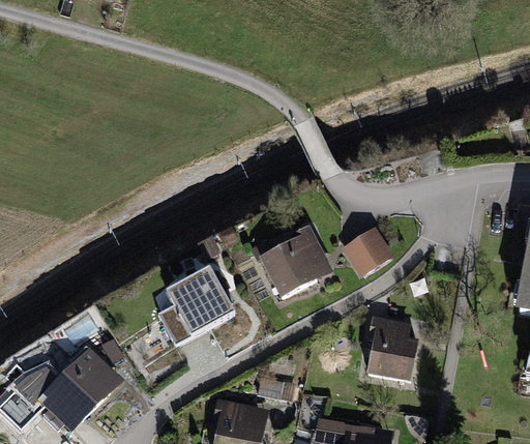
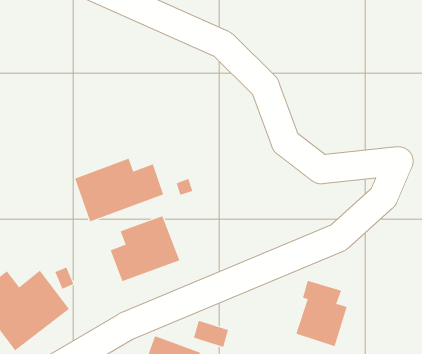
building: none -> [74,158,164,222]
building: [251,225,332,297] -> none
building: [343,227,394,276] -> none

